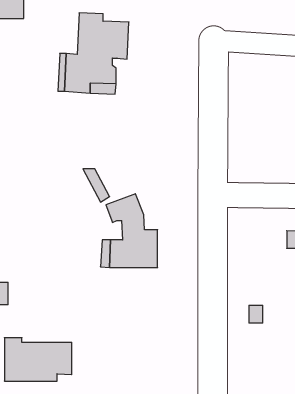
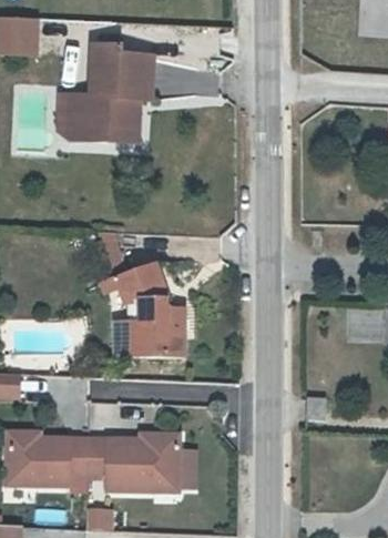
building: none -> [90,436,181,494]

